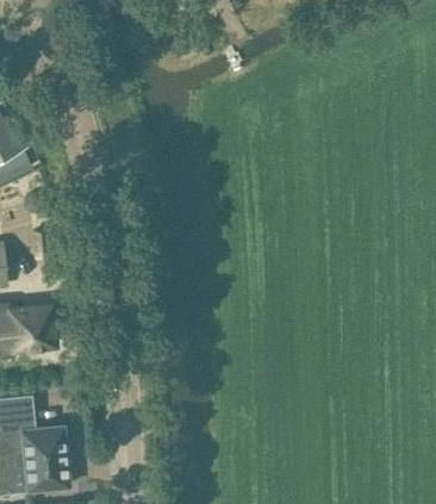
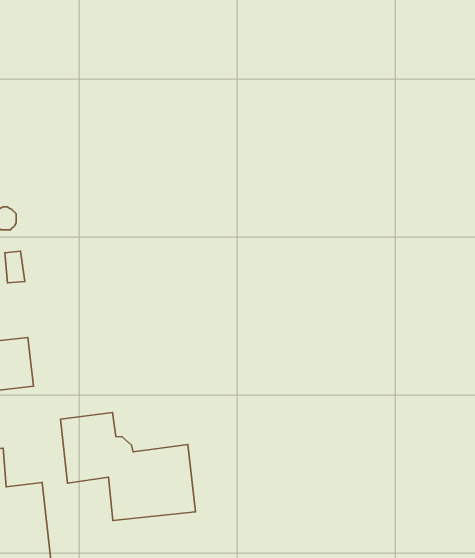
building: none -> [60,412,195,521]

